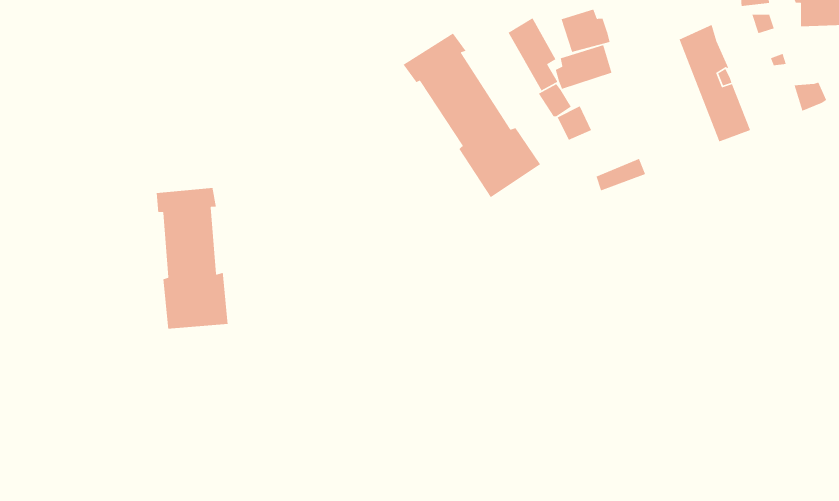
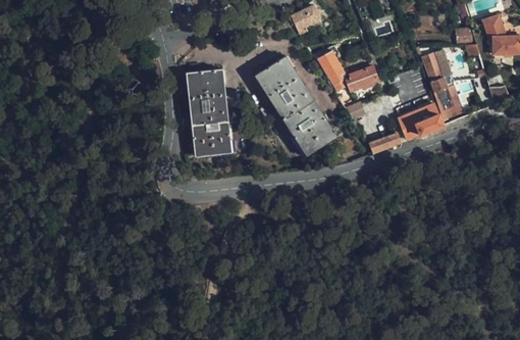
building: [561,9,610,53] -> none
building: none -> [399,102,444,139]
building: [156,187,229,330] -> [187,69,230,155]

